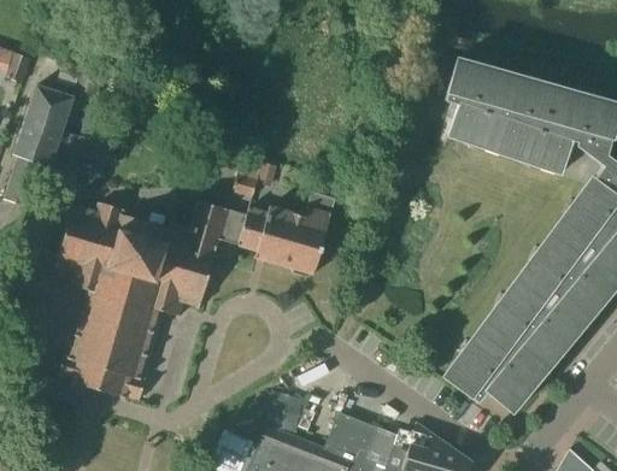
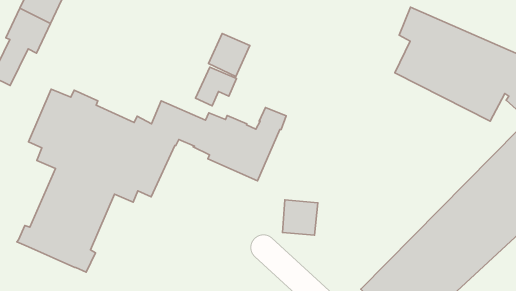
building: none -> [209,34,250,76]
building: none -> [283,200,318,235]

